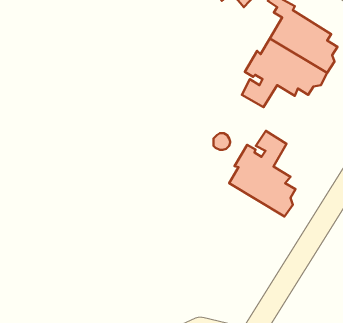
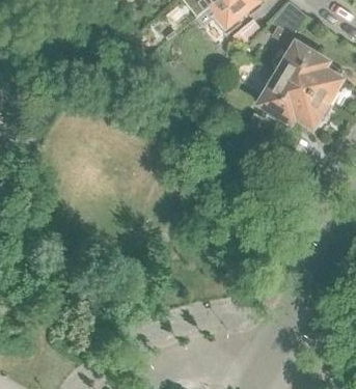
building: [229,131,295,216] -> none

